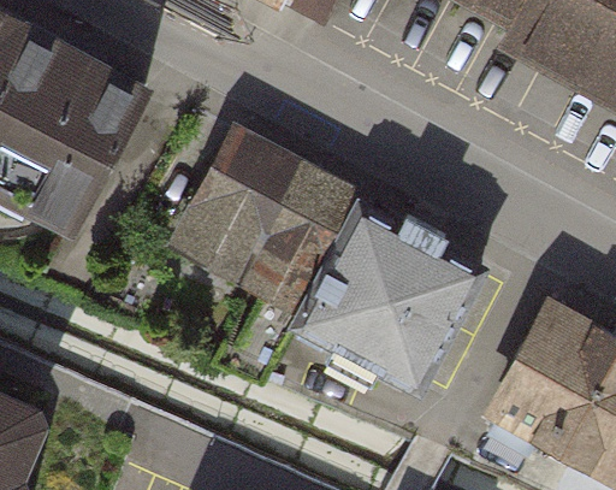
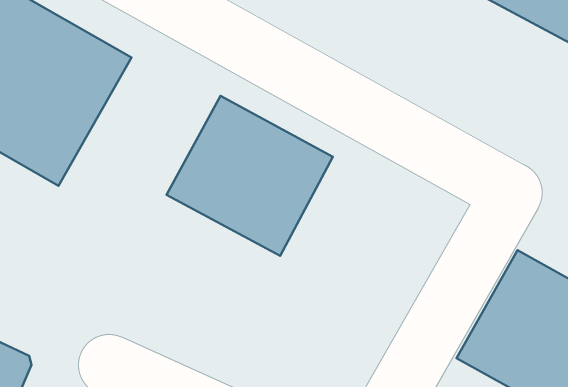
building: [296,199,482,382] -> none

